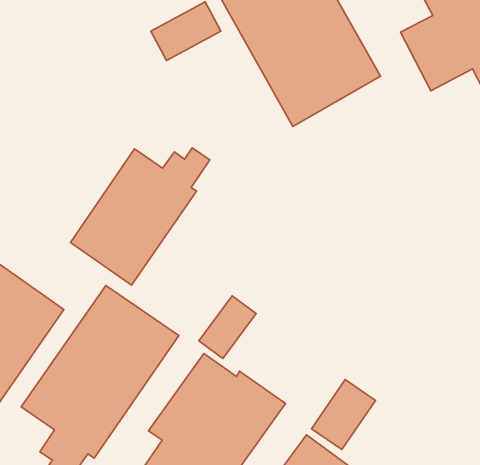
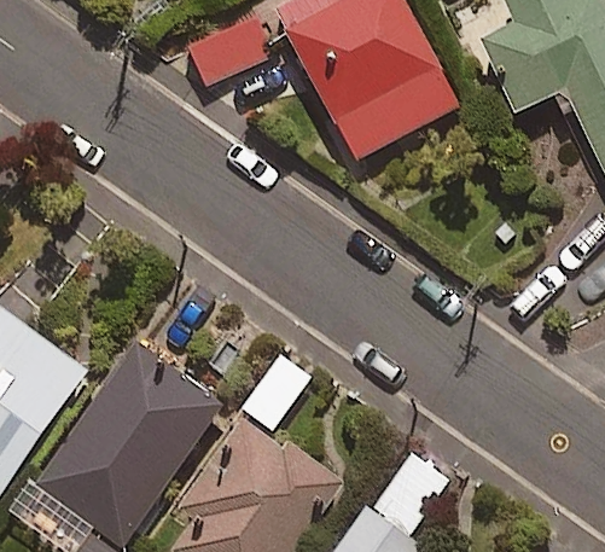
building: [70,148,210,285] -> none

